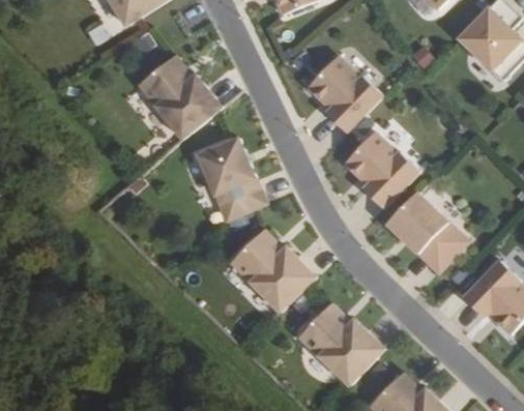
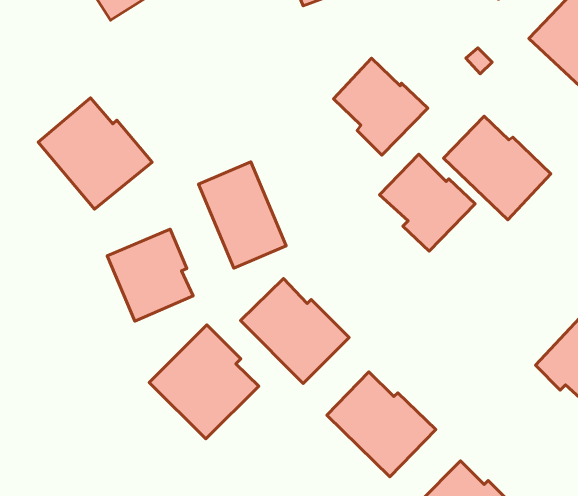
building: [134,53,224,141] -> [38,98,152,209]
building: none -> [107,229,193,321]
building: [382,196,467,277] -> [443,116,551,220]
building: none -> [149,325,259,439]

